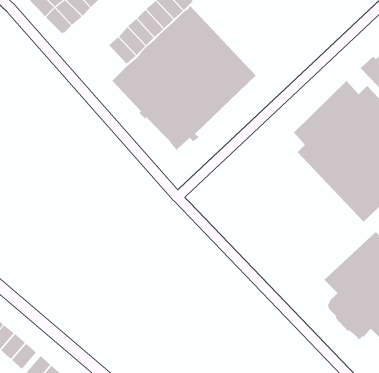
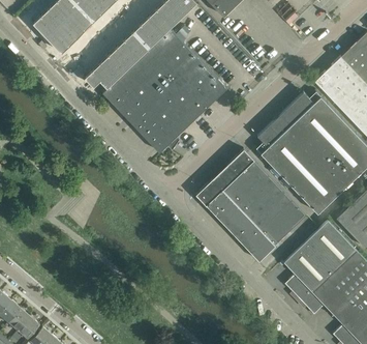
building: none -> [84,62,116,88]
building: none -> [195,149,306,261]

